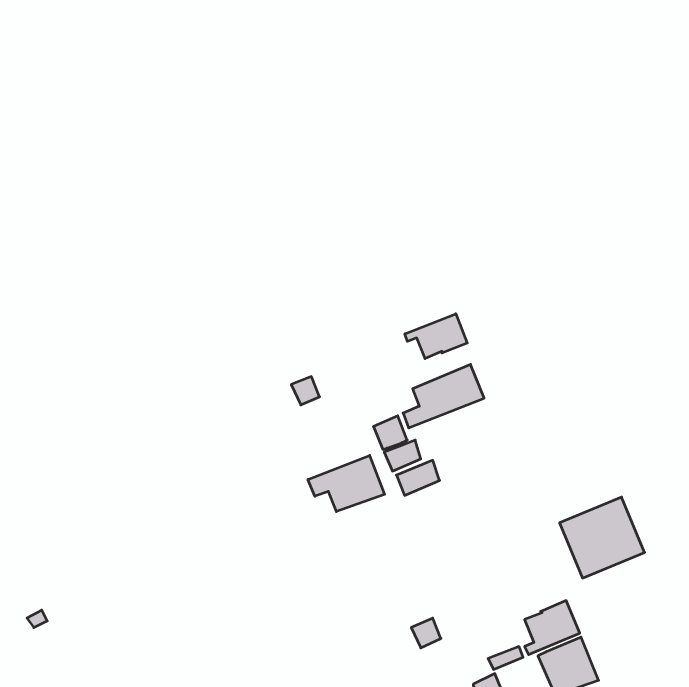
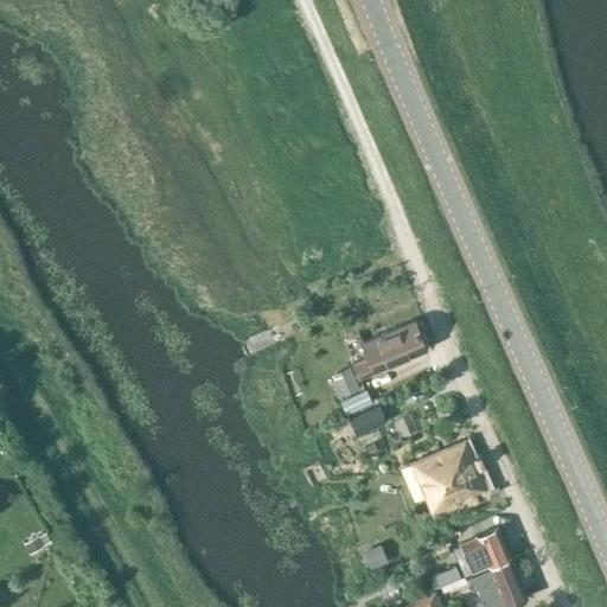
building: [405,314,467,359] -> none
building: [308,455,385,512] -> none
building: [560,497,645,578] -> [411,442,486,513]

